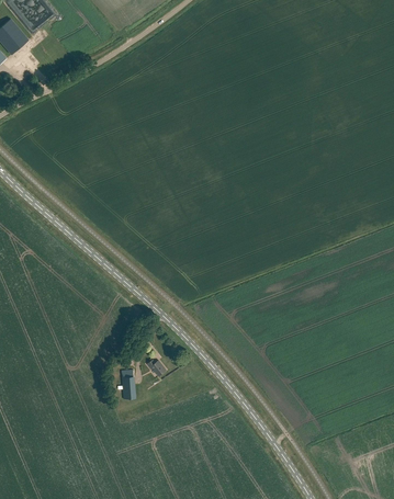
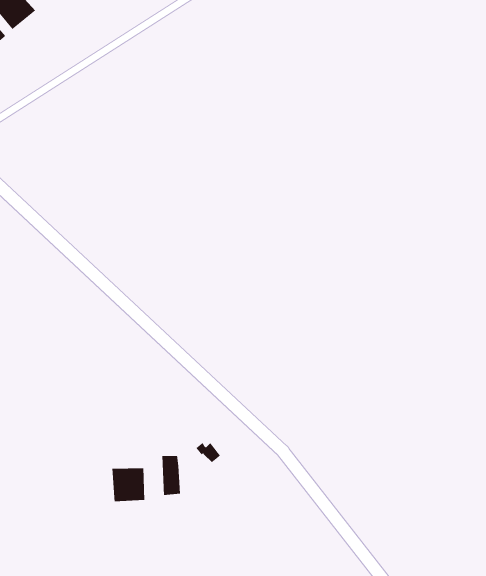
building: none -> [112,468,145,502]

